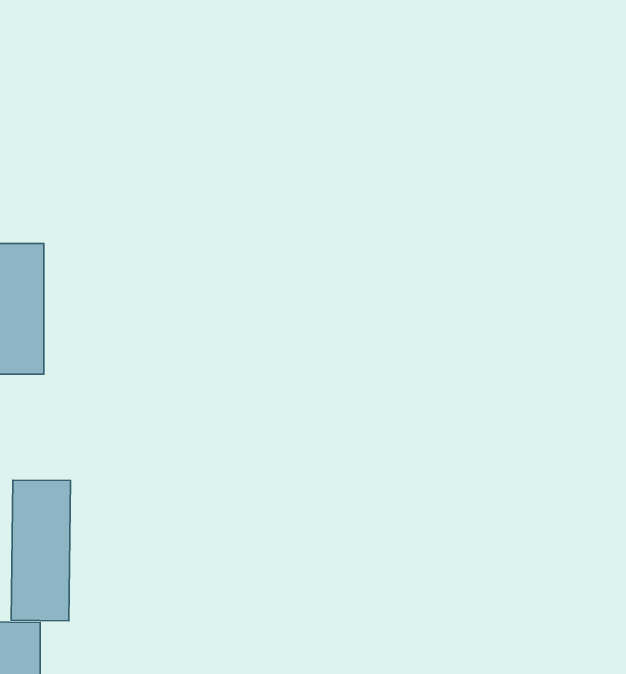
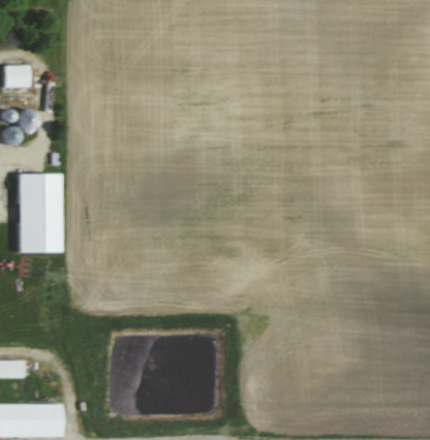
building: [11,480,70,621] -> none

